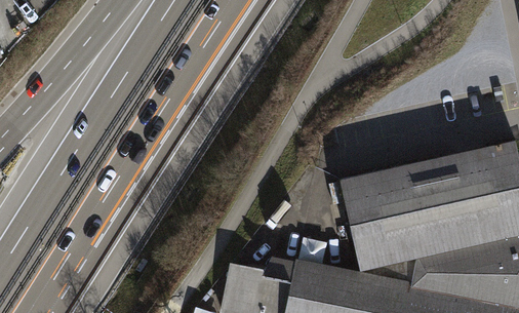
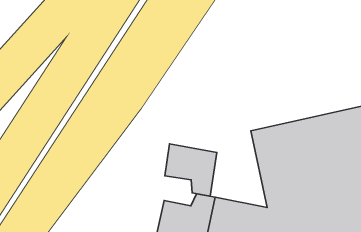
building: none -> [165,144,217,196]

